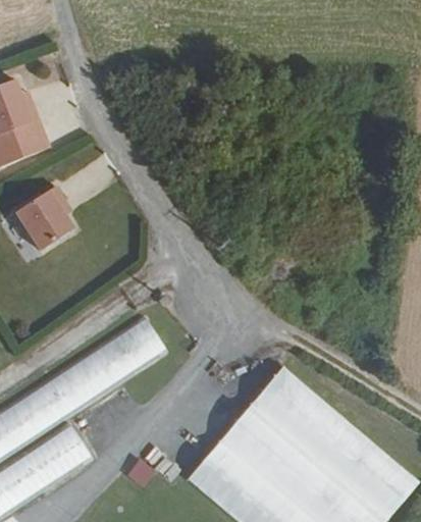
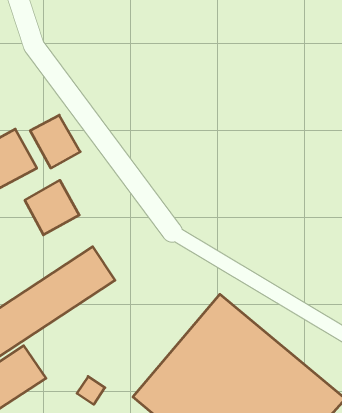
building: none -> [30,115,80,168]
building: none -> [25,180,79,235]

